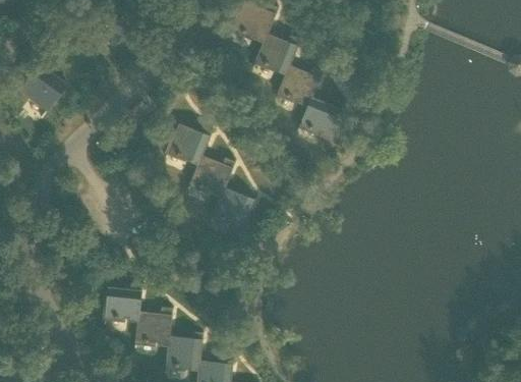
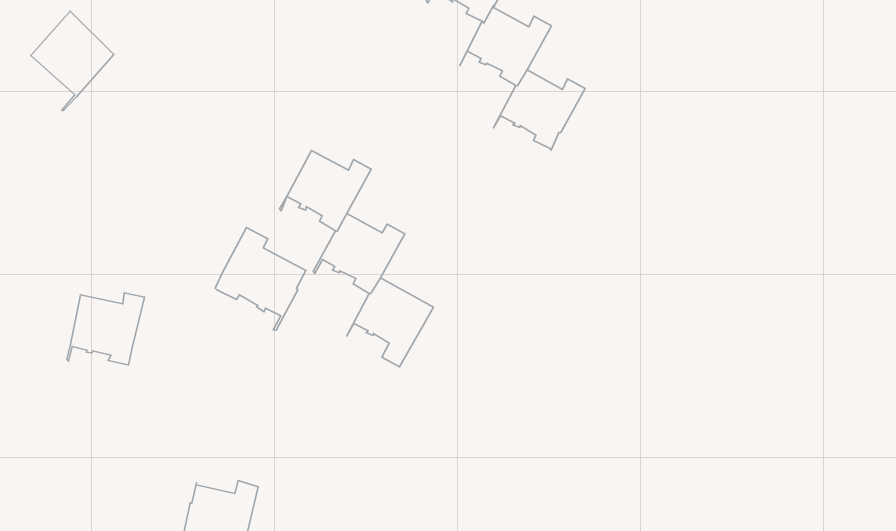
building: [296,99,342,147] -> none
building: none -> [215,228,306,330]
building: [104,285,141,326] -> [67,293,144,365]

